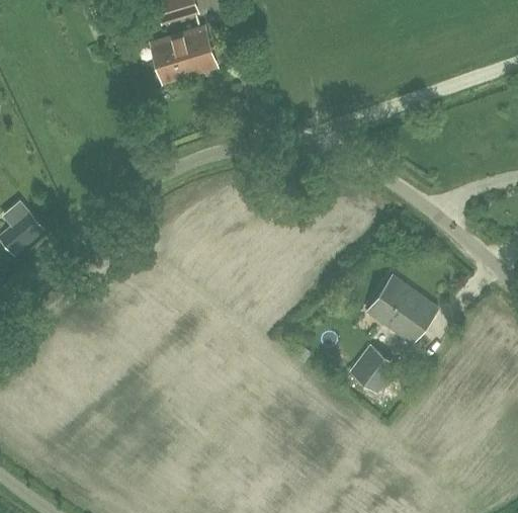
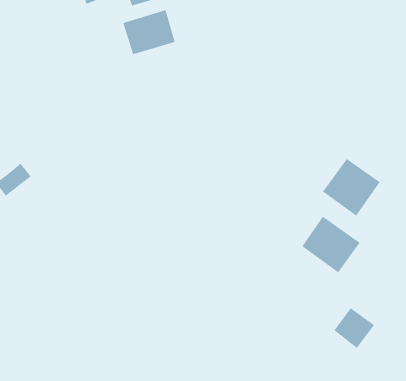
building: none -> [322,158,380,216]
building: [349,346,399,396] -> [334,307,375,349]

